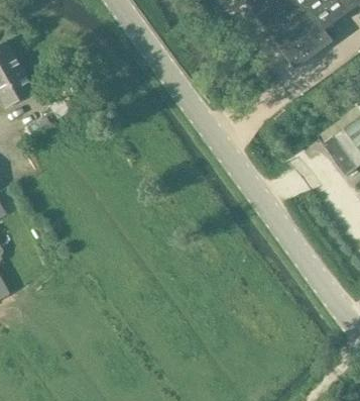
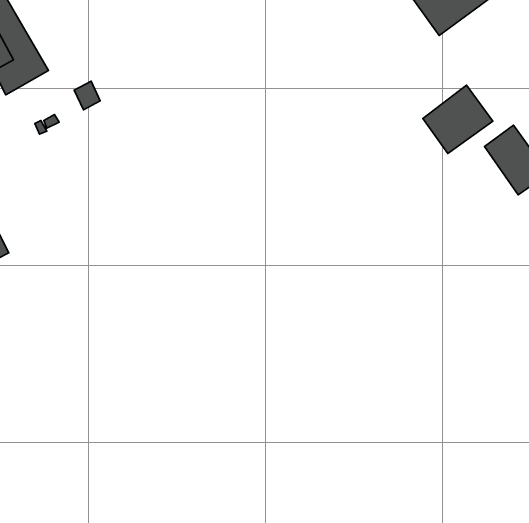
building: none -> [423,85,493,154]

